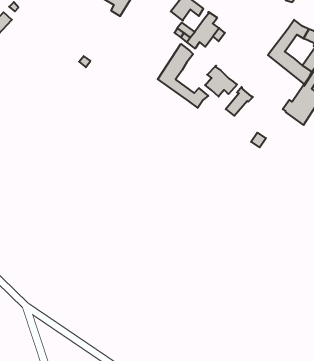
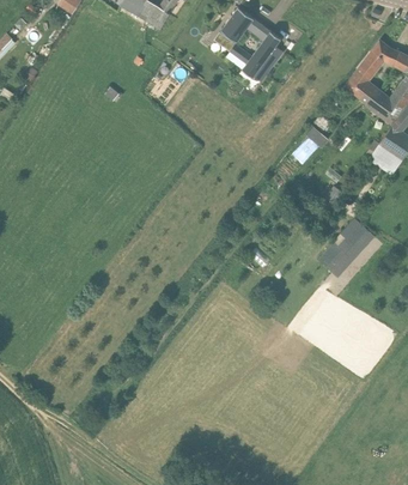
building: [158,44,208,108] -> none
building: [205,66,237,97] -> none
building: none -> [318,218,374,278]

